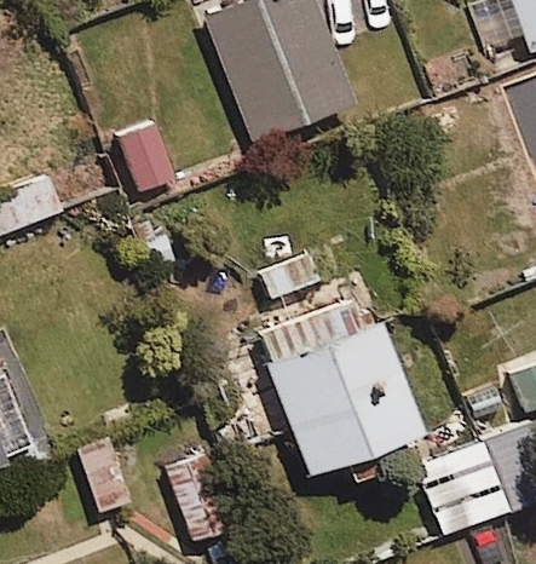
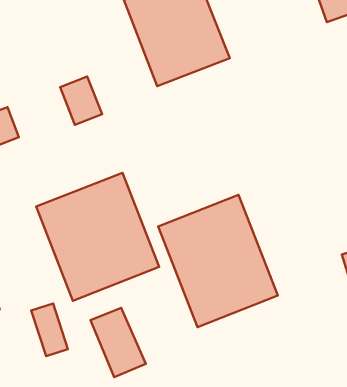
building: none -> [36,173,159,301]
building: [414,441,507,535] -> none

